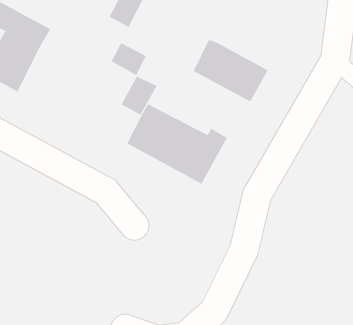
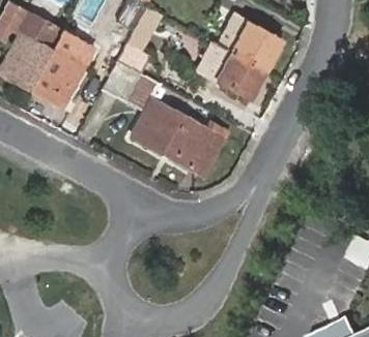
building: none -> [217,18,280,71]
building: none -> [30,51,90,109]
building: none -> [103,63,141,103]

